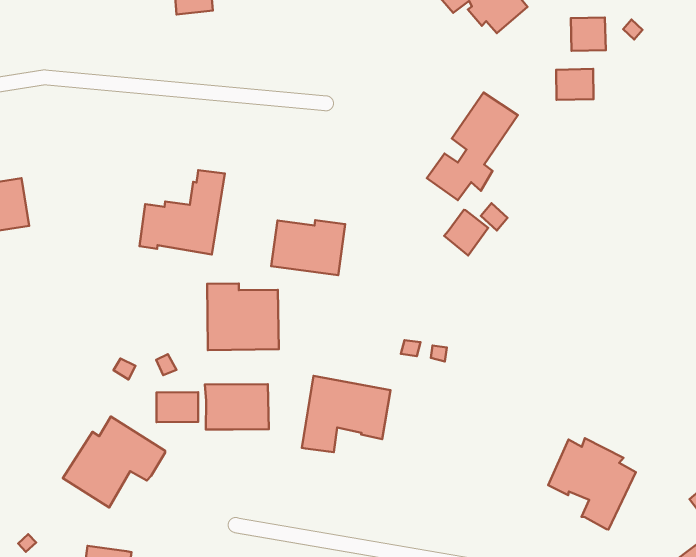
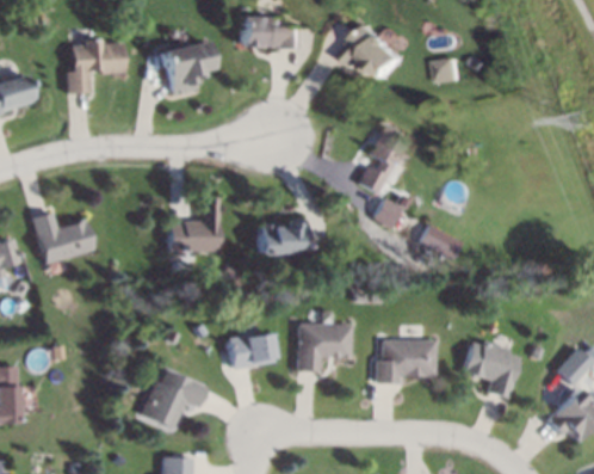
building: [556,69,593,100] -> none
building: none -> [420,224,462,261]
building: [207,283,279,350] -> none
building: [157,392,198,422] -> none
building: none -> [375,340,435,383]

